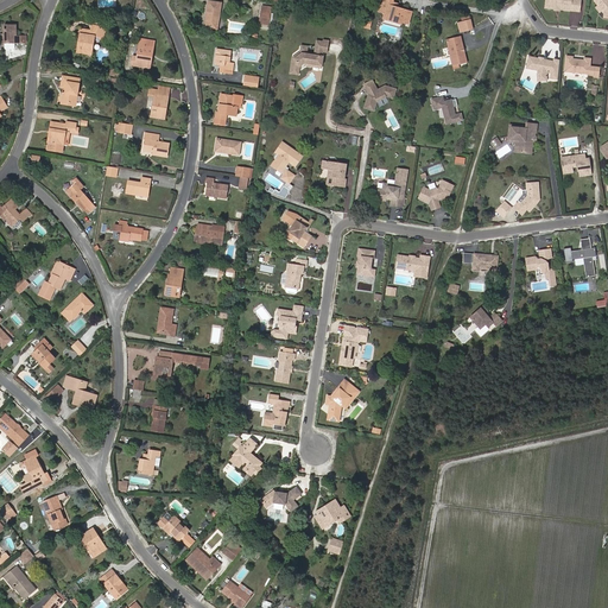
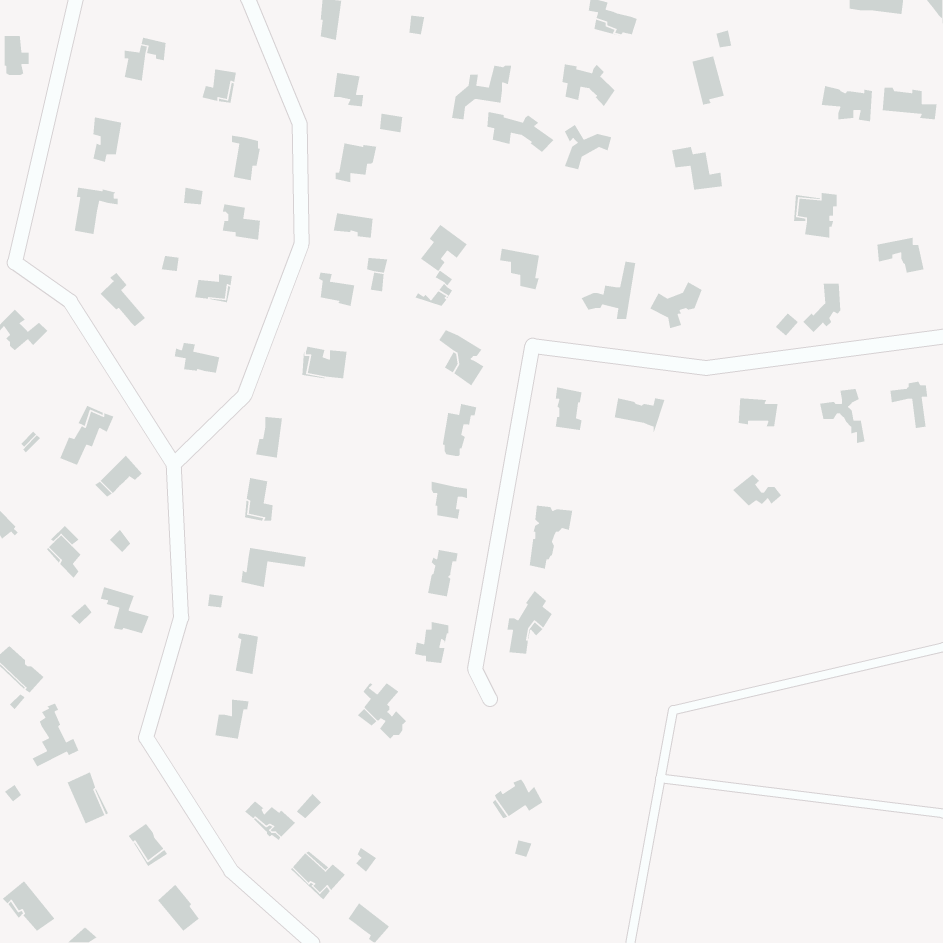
building: none -> [561,64,616,107]
building: none -> [486,111,555,153]
building: [261,486,302,512] -> none

